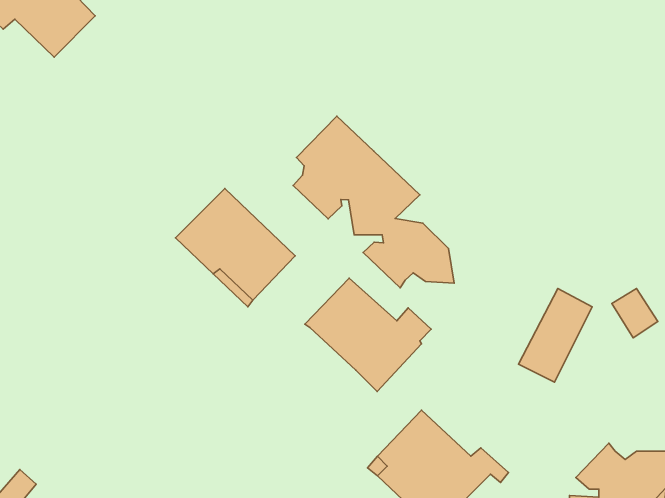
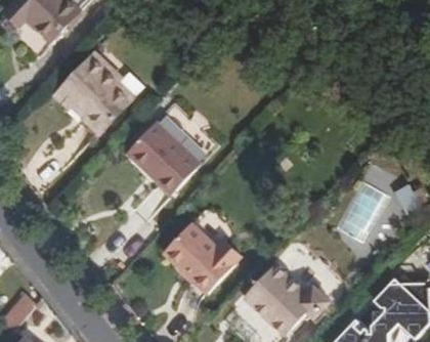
building: none -> [52,48,131,129]
building: [293,116,454,288] -> none
building: [305,278,431,392] -> [160,219,239,290]

